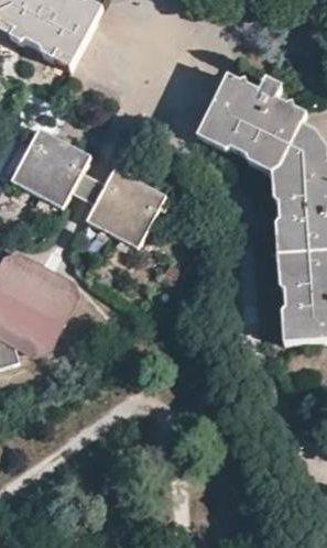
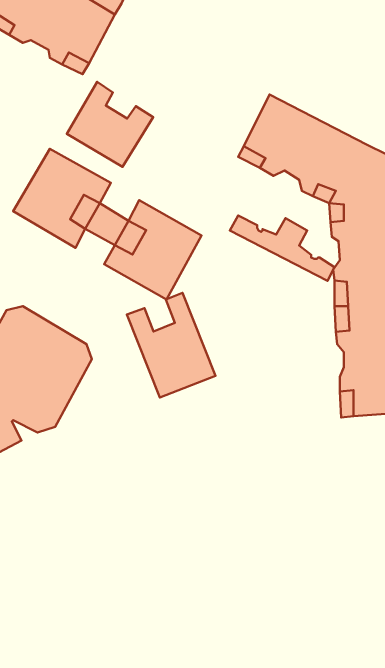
building: [221,69,306,122] -> [230,216,334,281]
building: none -> [67,82,153,167]
building: none -> [127,293,216,398]

